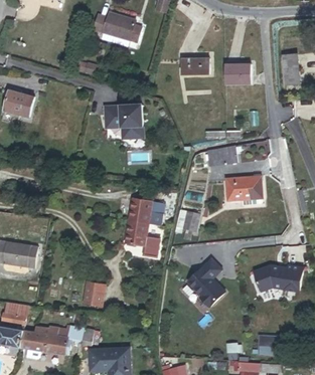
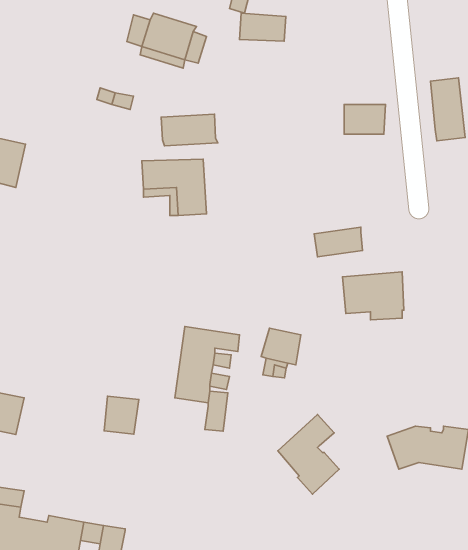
building: [182,61,210,78] -> [239,13,286,41]
building: none -> [161,114,218,146]
building: [81,278,102,302] -> [104,396,139,434]

